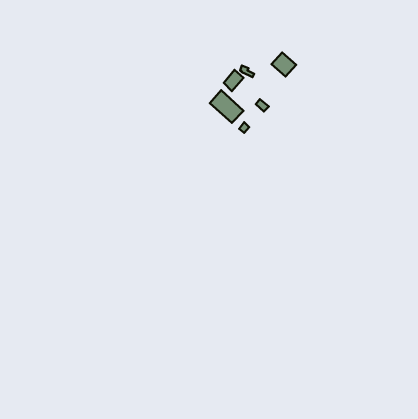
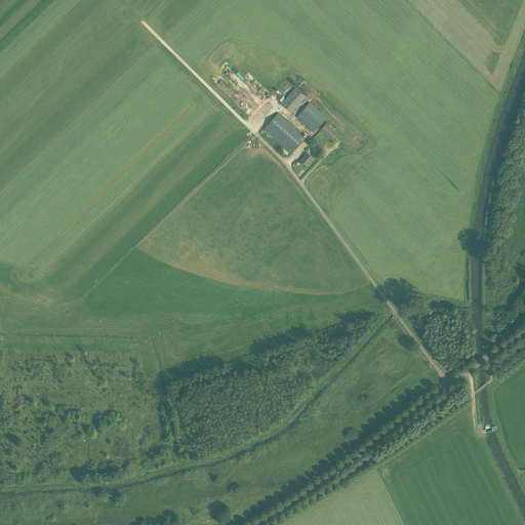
building: [272,53,296,76] -> [295,103,326,132]

